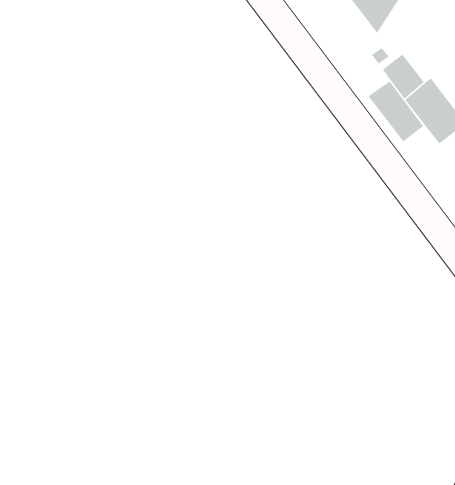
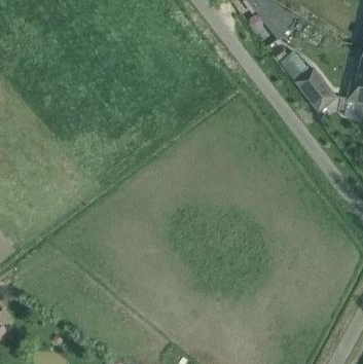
building: [368,81,424,142] -> none

